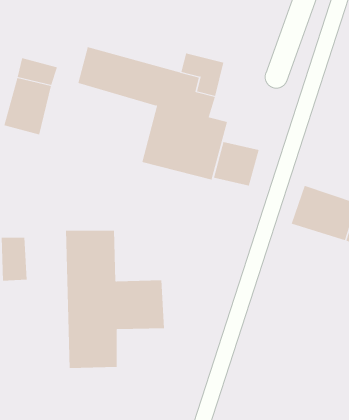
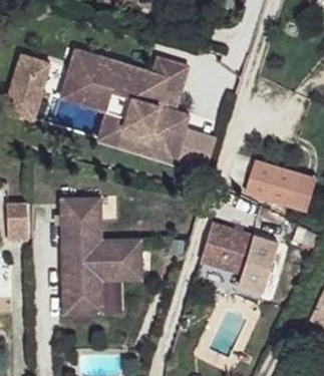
building: none -> [63,77,133,142]
building: none -> [200,225,278,294]

